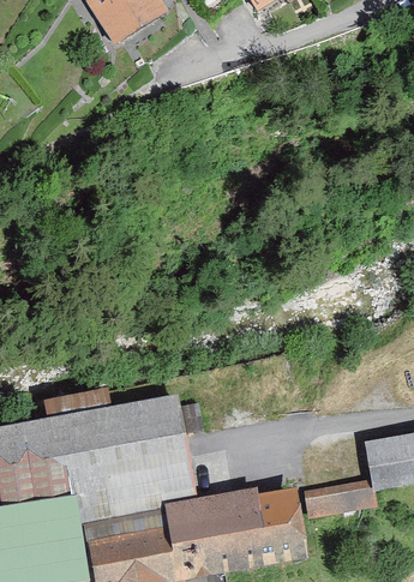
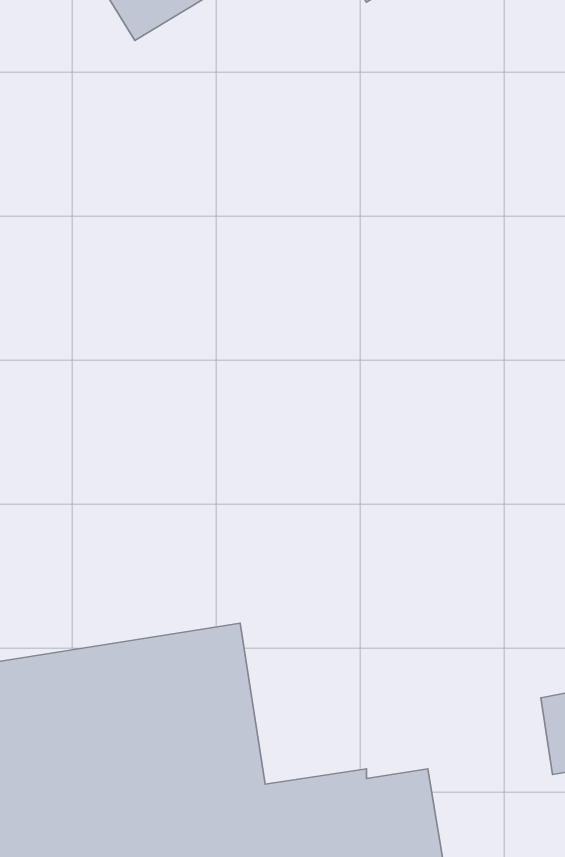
building: [302,481,372,520] -> none

